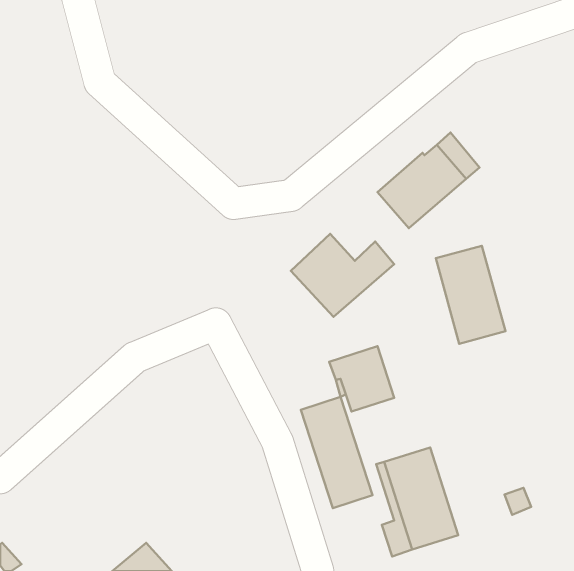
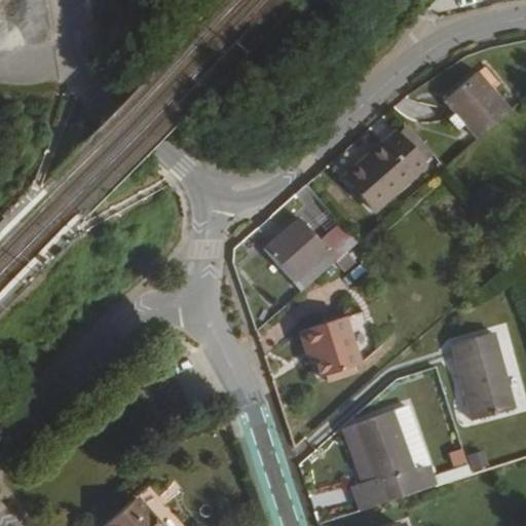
building: none -> [442,73,506,139]
building: [436,246,505,344] -> [451,336,515,425]
building: [301,397,372,508] -> none

